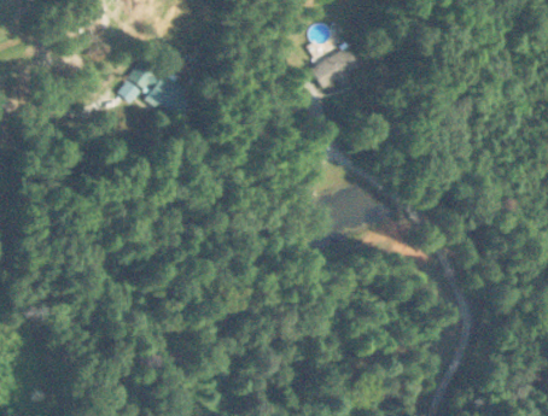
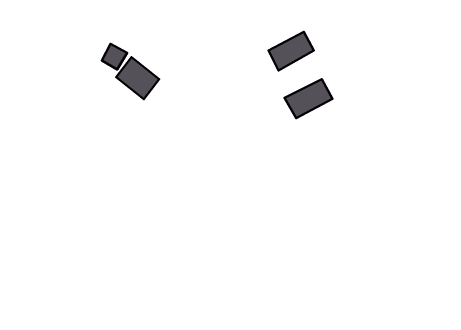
building: none -> [285,79,332,118]

